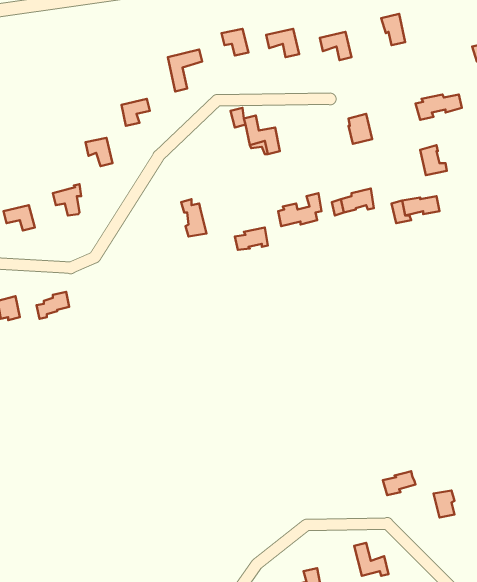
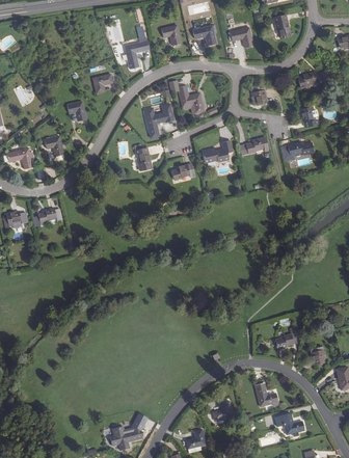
building: none -> [142,104,172,137]

